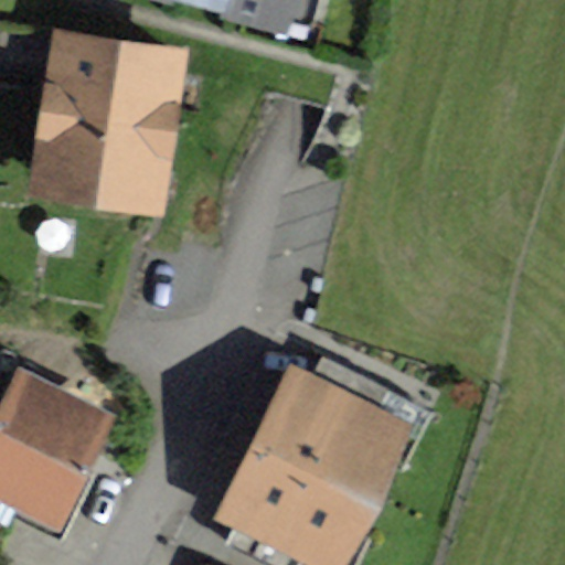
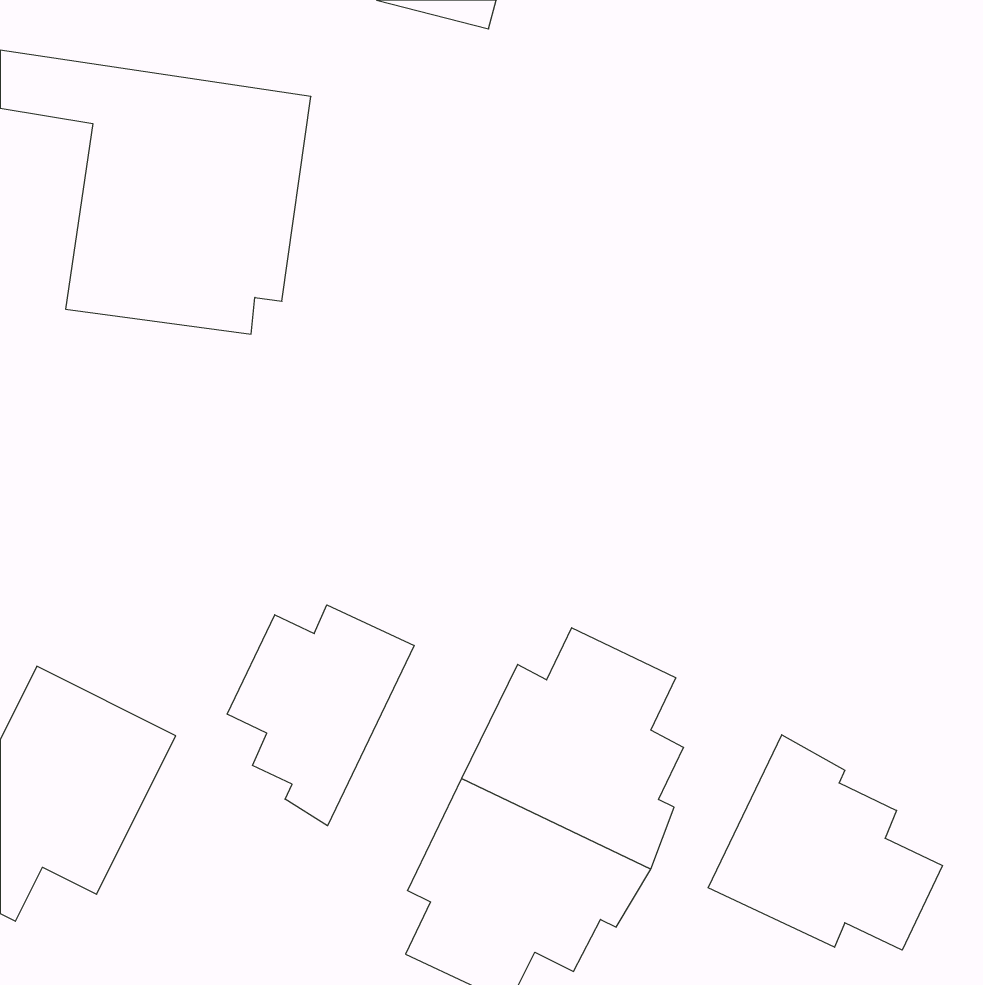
building: none -> [227,605,414,826]
building: none -> [708,735,942,950]

